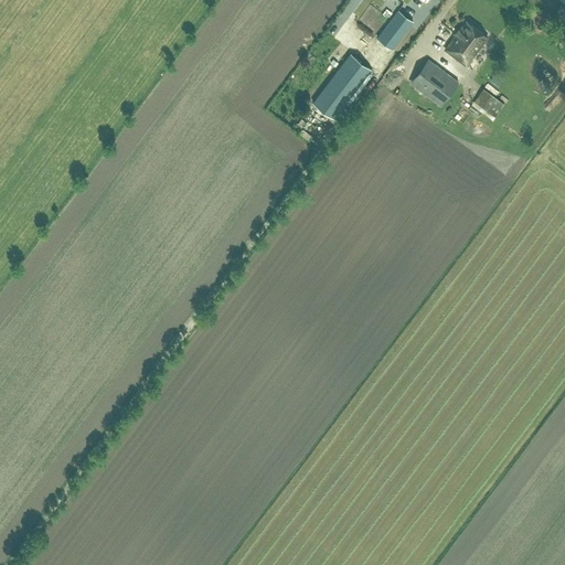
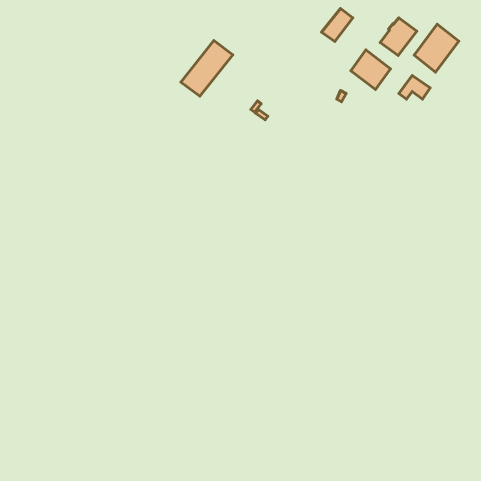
building: none -> [414,24,459,72]
building: [312,54,373,119] -> [181,41,233,96]

